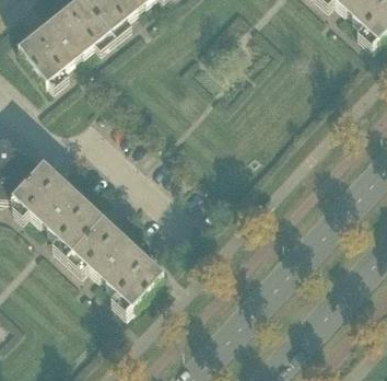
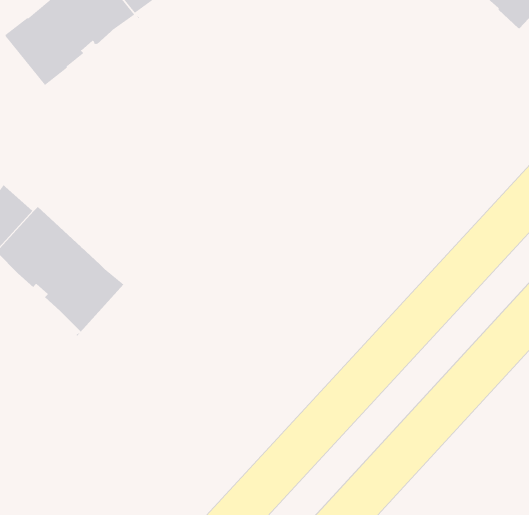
building: [70,218,162,305] -> none

